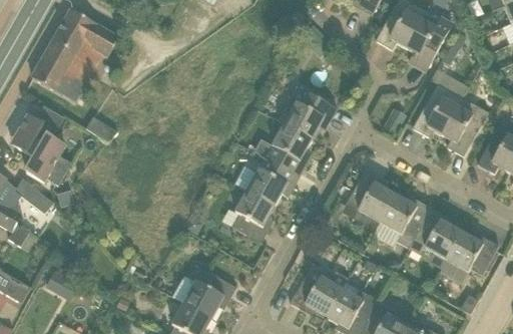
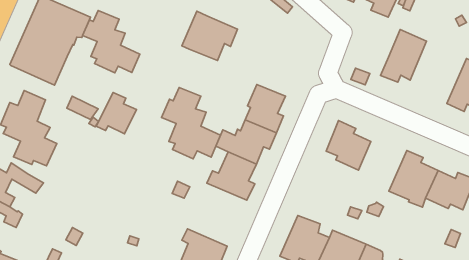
building: none -> [83,10,140,73]
building: [277,85,336,138] -> [182,11,238,61]
building: [442,97,488,155] -> none
building: none -> [96,92,136,134]
building: none -> [161,88,220,159]
building: [379,195,431,248] -> none

